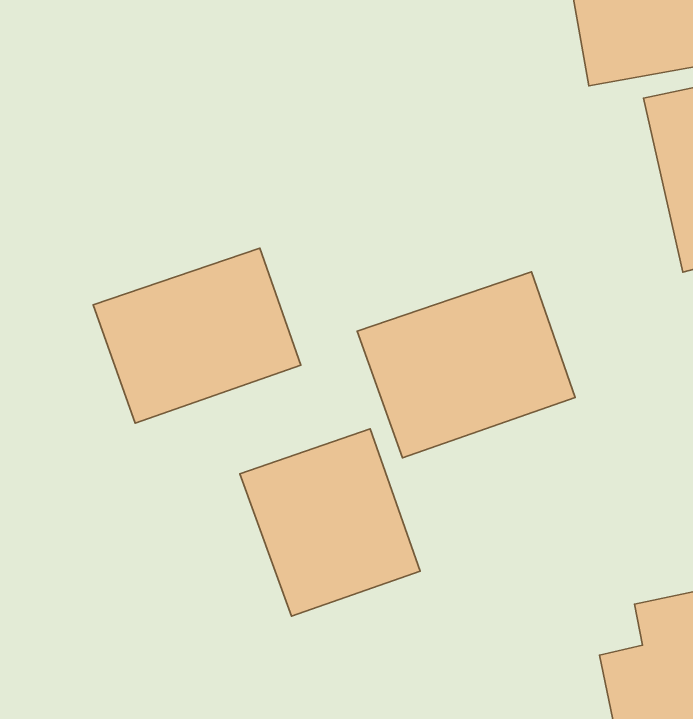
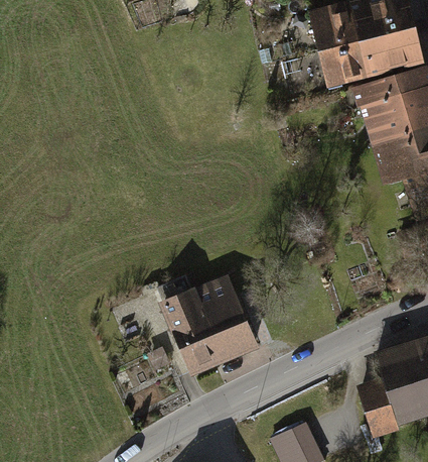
building: [93,248,301,423] -> none
building: [357,272,575,458] -> none

